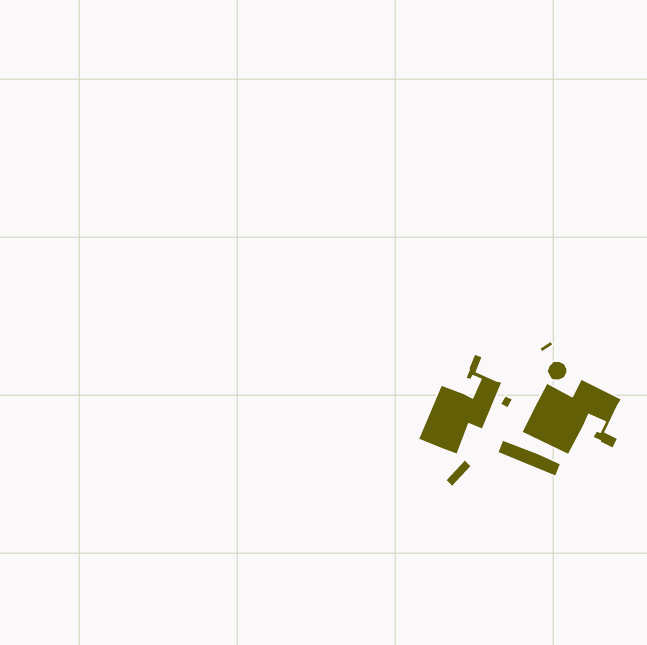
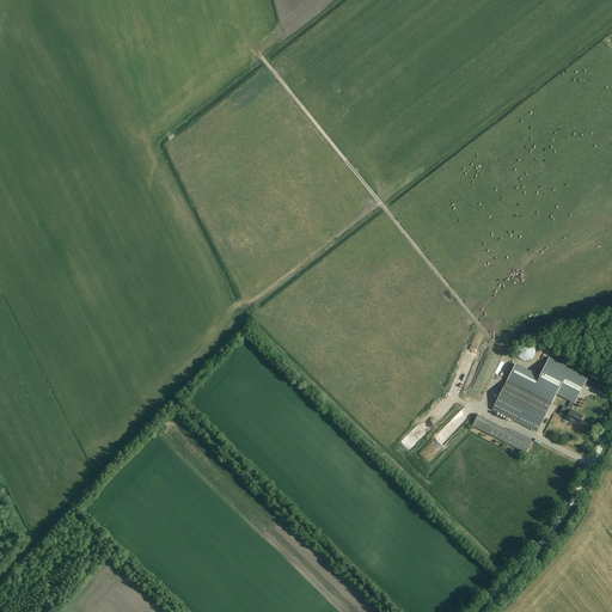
building: [418,354,502,454] -> none

